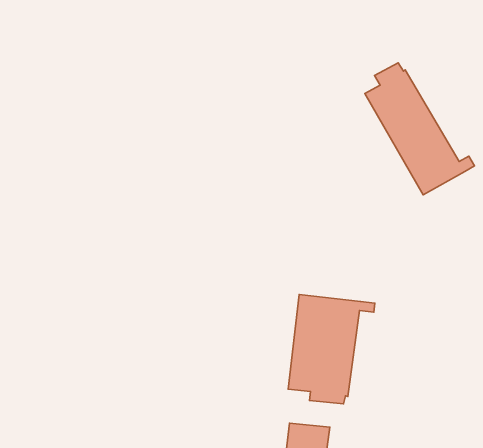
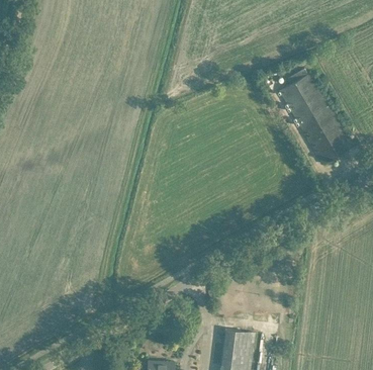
building: [288,295,375,404] -> none

